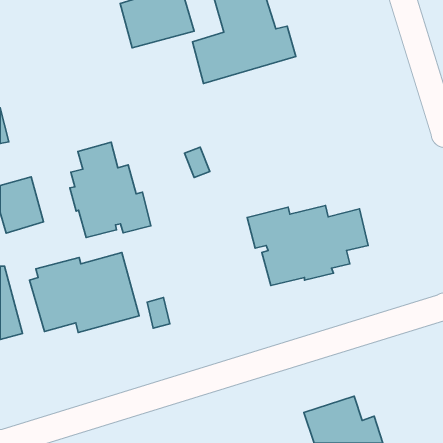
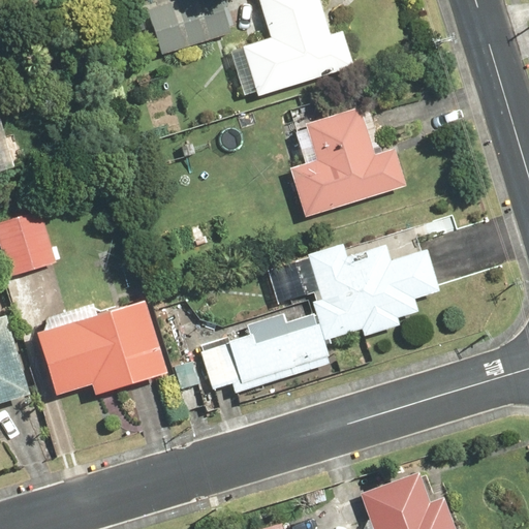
building: none -> [290,103,405,217]
building: [70,142,151,237] -> none
building: none -> [200,311,329,394]

